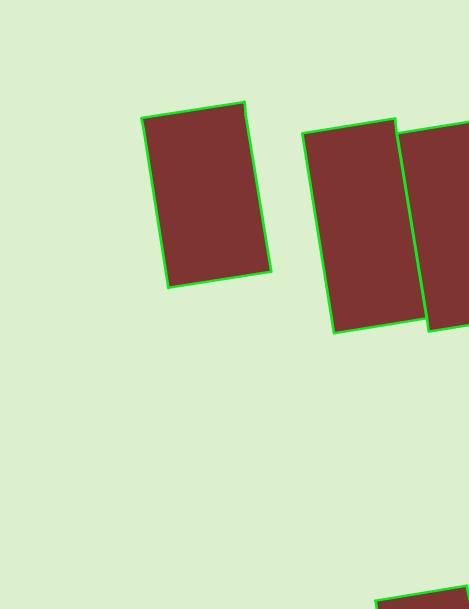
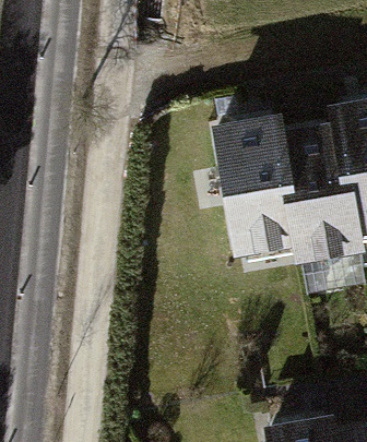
building: [142,102,271,288] -> none

